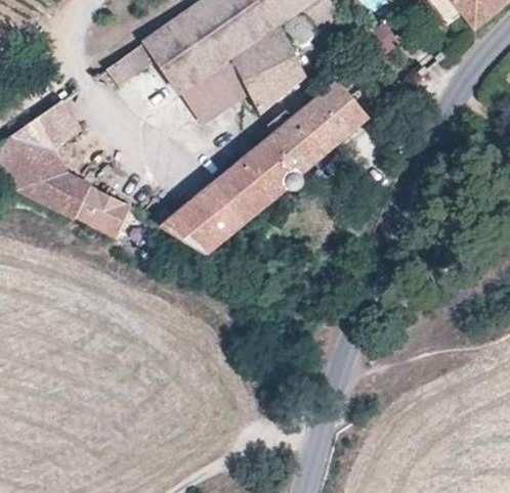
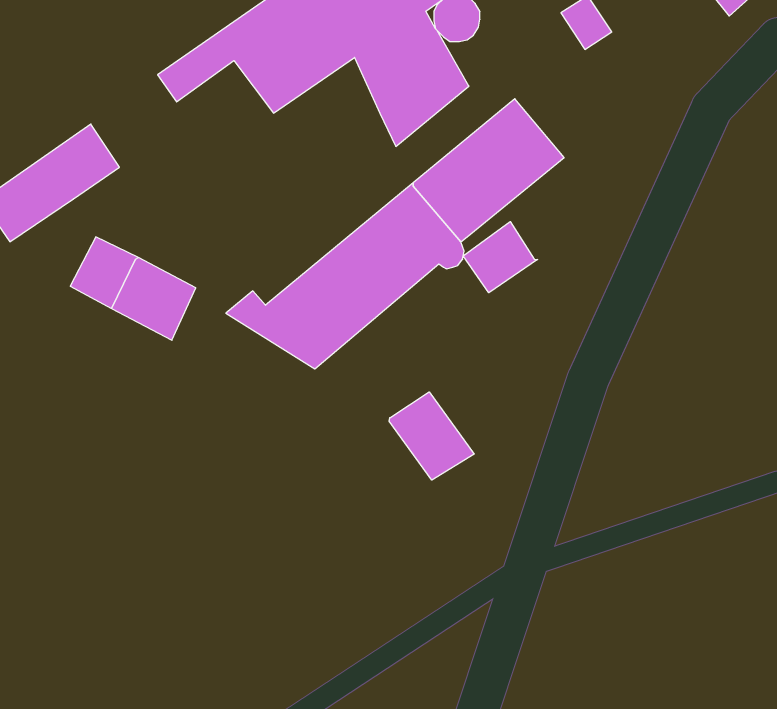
building: [179,55,248,123] -> none
building: [9,146,65,203] -> none
building: none -> [463,222,538,293]
building: none -> [389,392,474,480]

